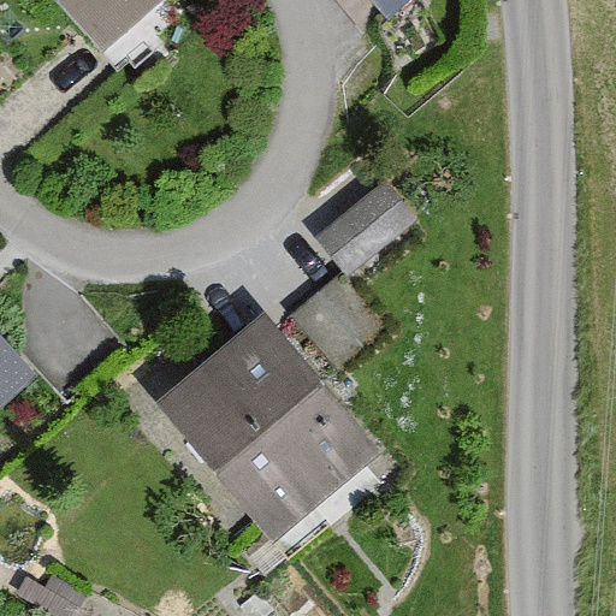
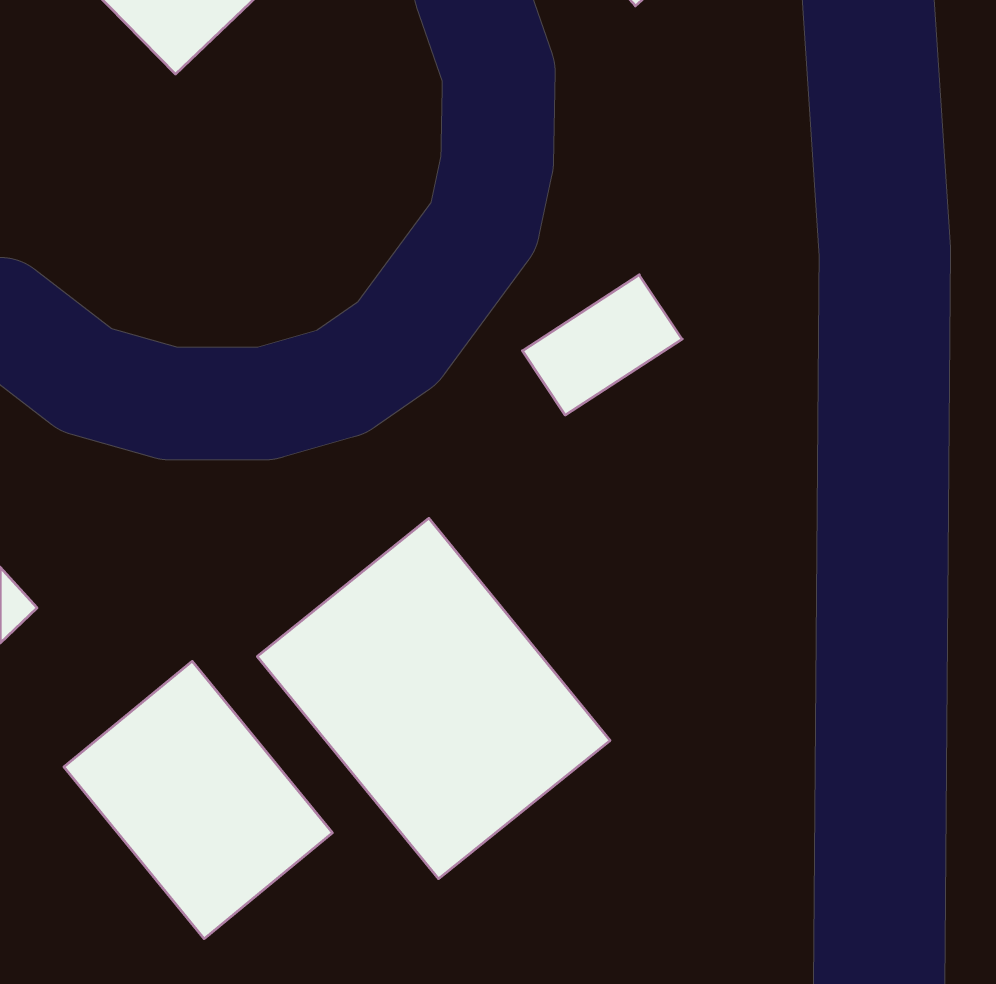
building: none -> [64,661,332,939]

